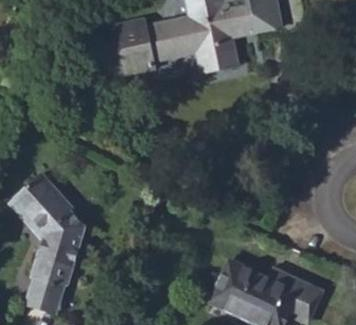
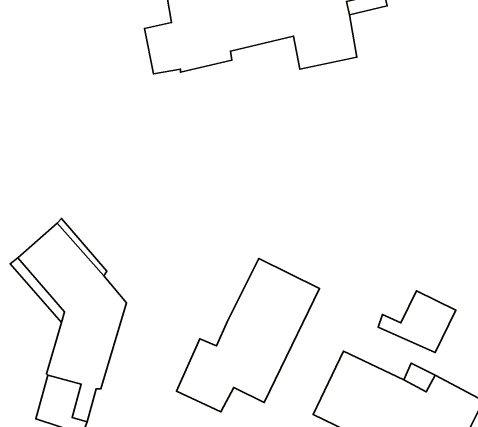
building: none -> [176,258,320,412]
building: none -> [378,291,456,353]

